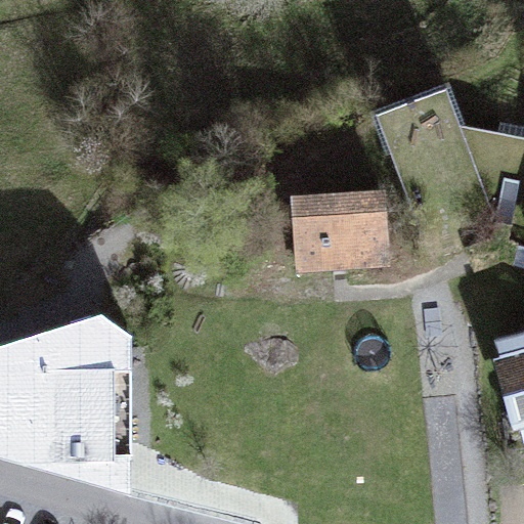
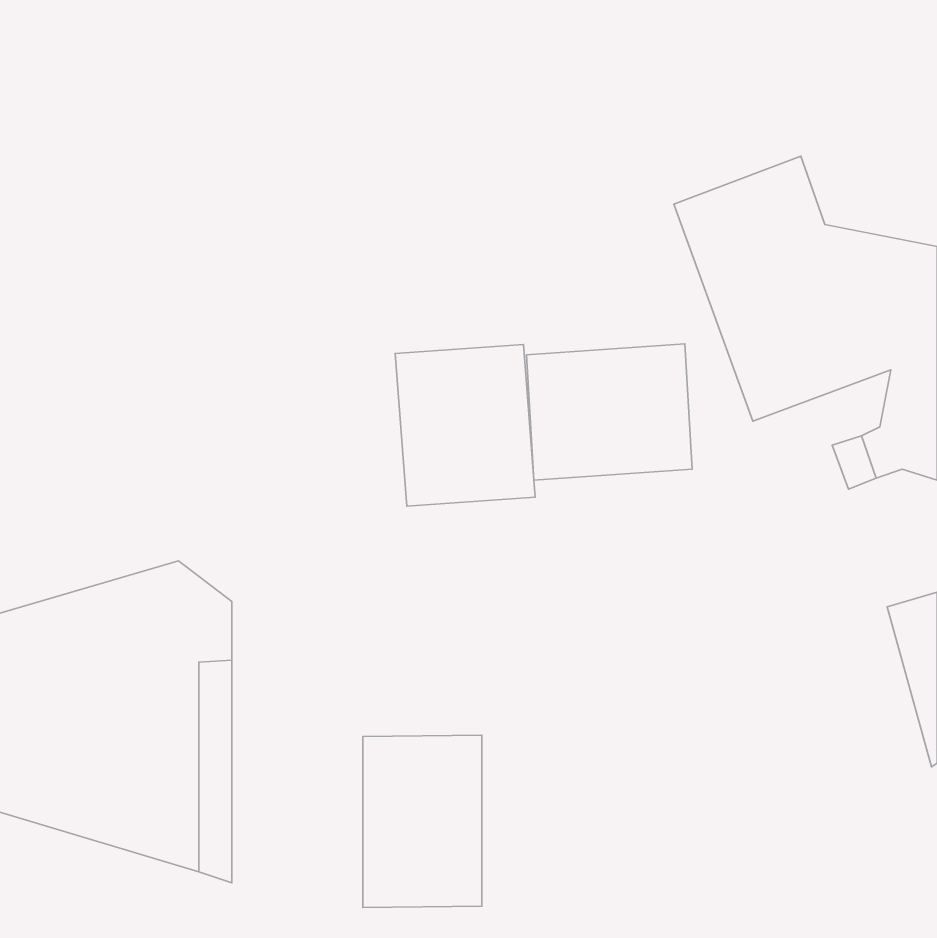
building: none -> [395,344,535,506]
building: none -> [363,735,482,908]

